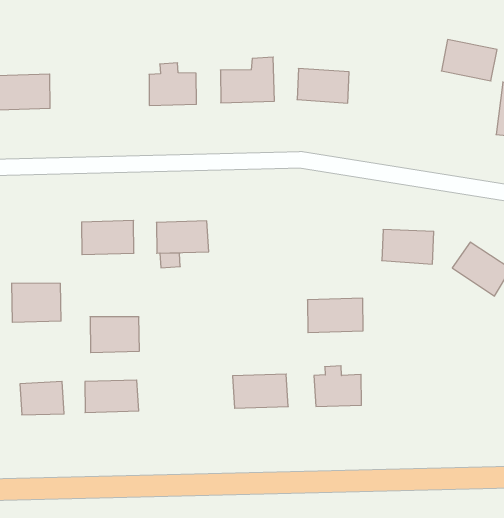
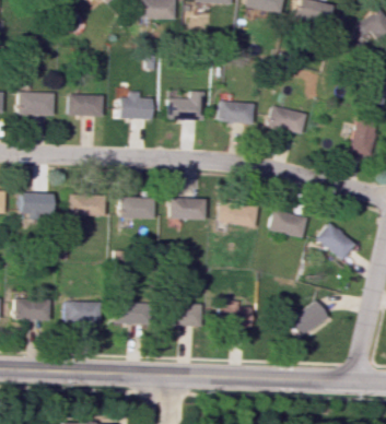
building: [441,40,497,81] -> [268,105,306,134]
building: none -> [68,94,103,116]
building: none -> [168,198,204,219]
building: [12,283,61,322] -> [19,191,52,219]
building: [307,298,363,333] -> [218,202,256,225]
building: [90,317,139,353] -> [113,301,147,326]
building: none -> [286,301,328,338]

